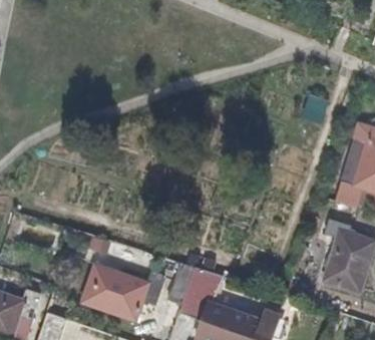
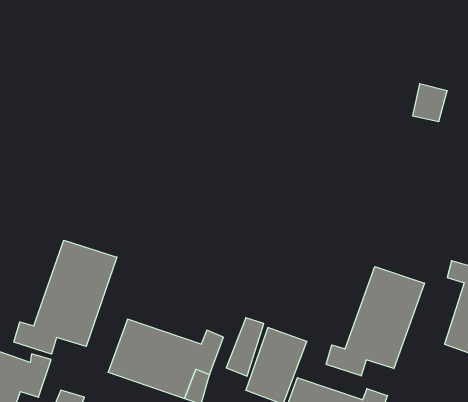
building: none -> [14,240,117,354]
building: none -> [326,267,424,376]

